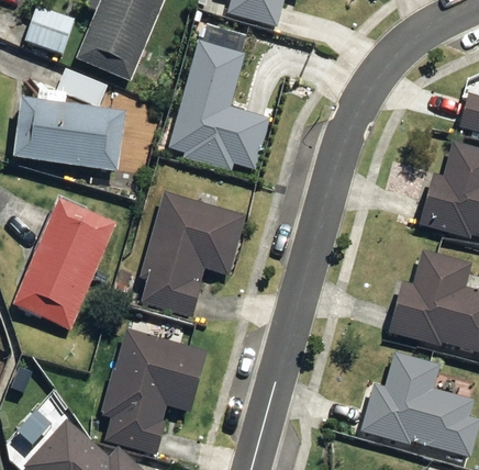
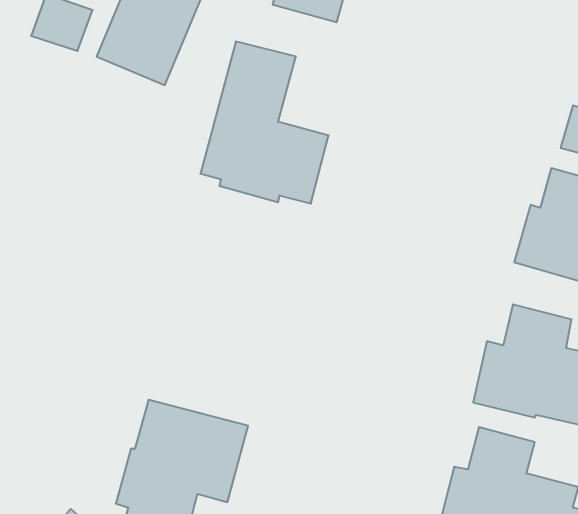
building: [21,94,133,166] -> none
building: [136,192,245,316] -> none
building: [20,197,123,325] -> none

